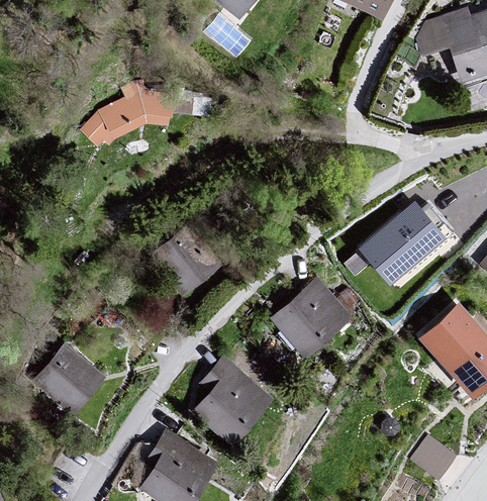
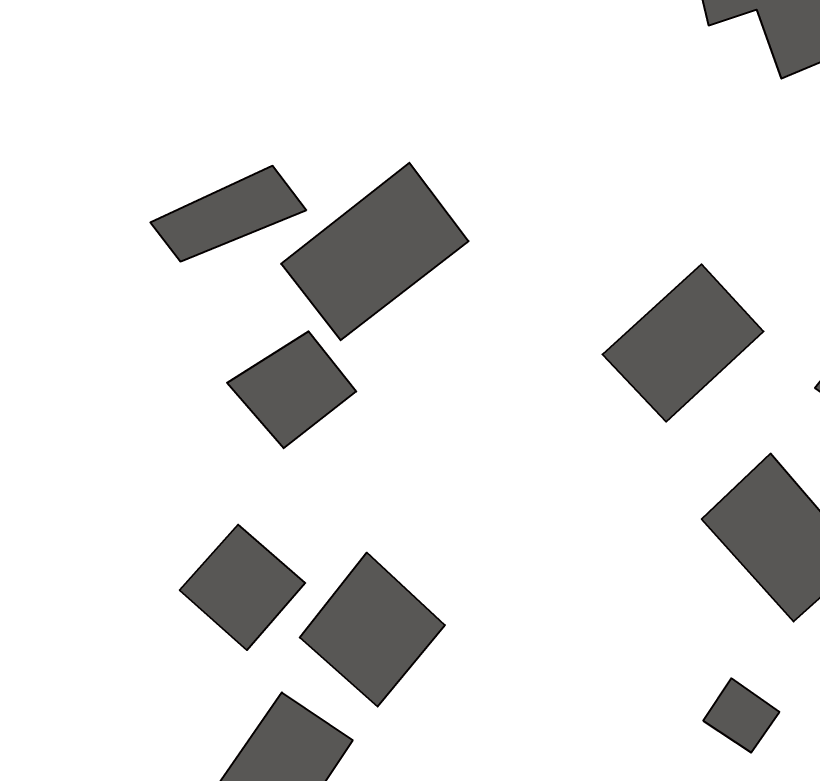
building: [86,90,175,144] -> [150,166,306,261]
building: none -> [281,163,469,340]
building: [268,275,354,359] -> none
building: [33,342,105,414] -> [180,525,305,650]

